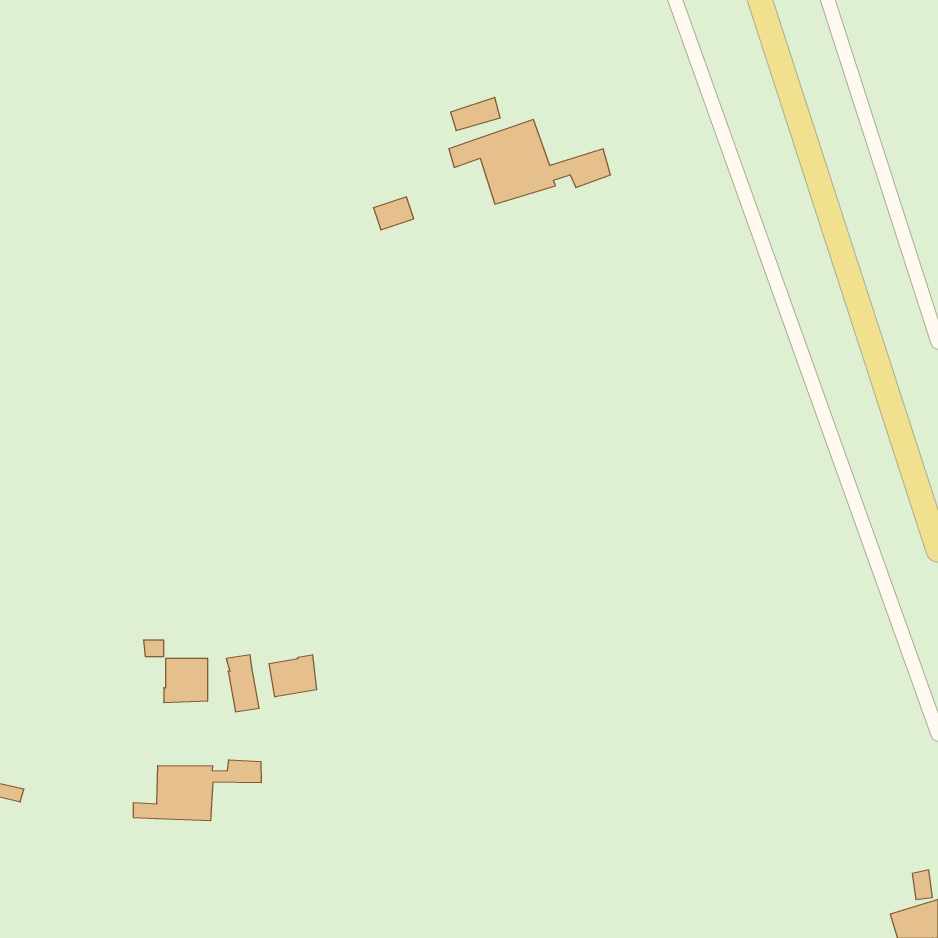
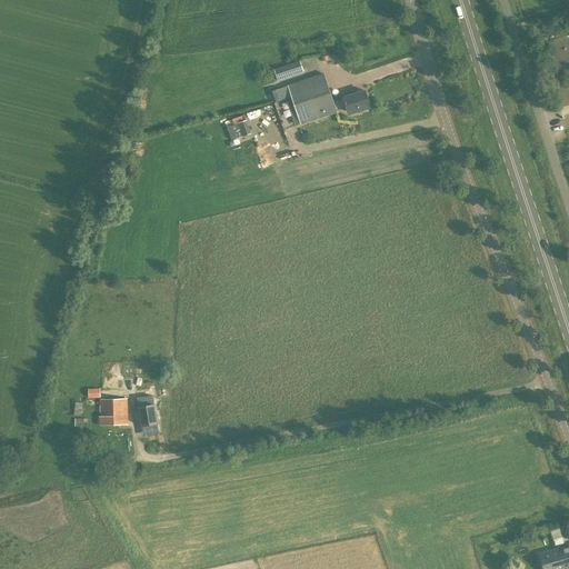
building: [269,655,317,697] -> none
building: [133,760,261,821] -> none

